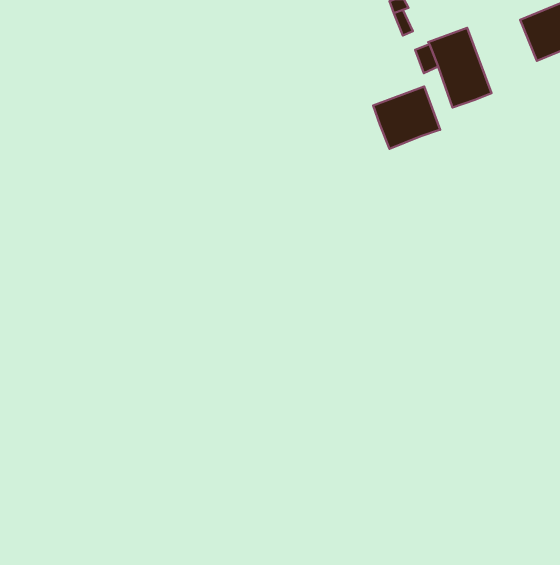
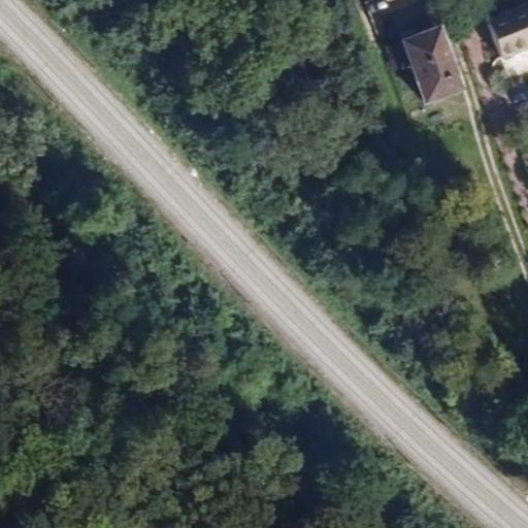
building: [373,87,440,149] -> none

